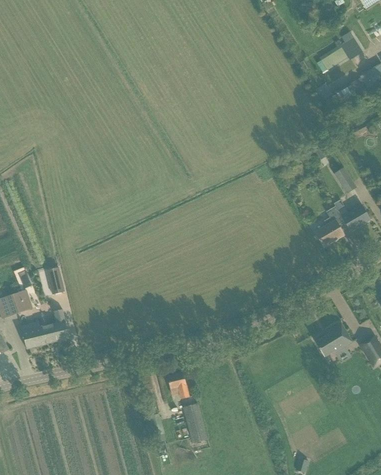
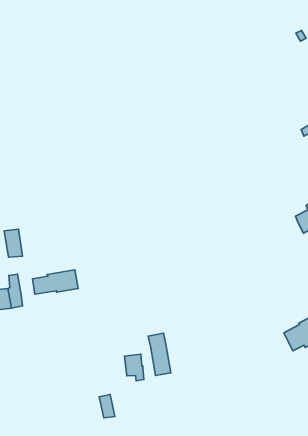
building: none -> [33,270,78,294]
building: [183,403,207,443] -> [148,333,171,376]

